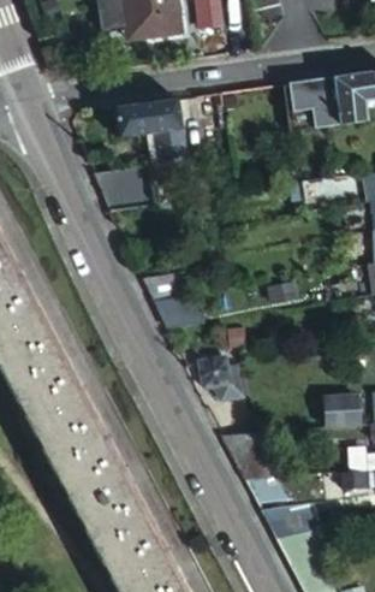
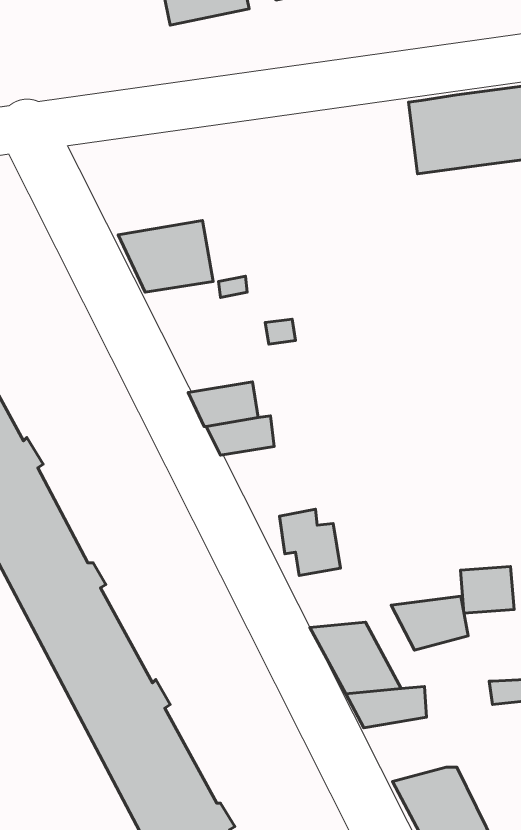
building: [113,97,186,162] -> none
building: [262,503,314,539] -> [391,596,468,650]

